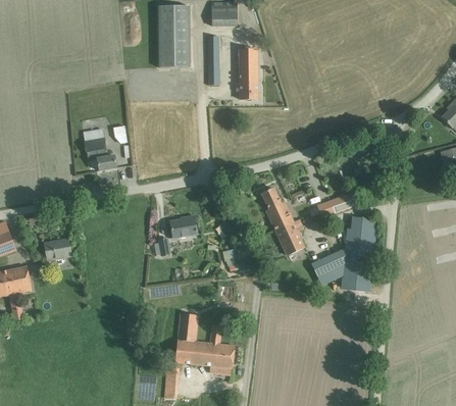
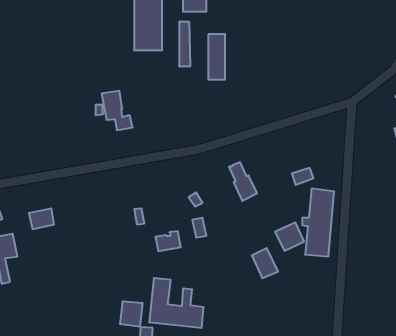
building: [83,128,116,170] -> [102,91,133,130]
building: [169,215,197,237] -> [155,231,181,251]
building: [275,221,304,254] -> [252,248,278,278]
building: none -> [120,301,142,327]

